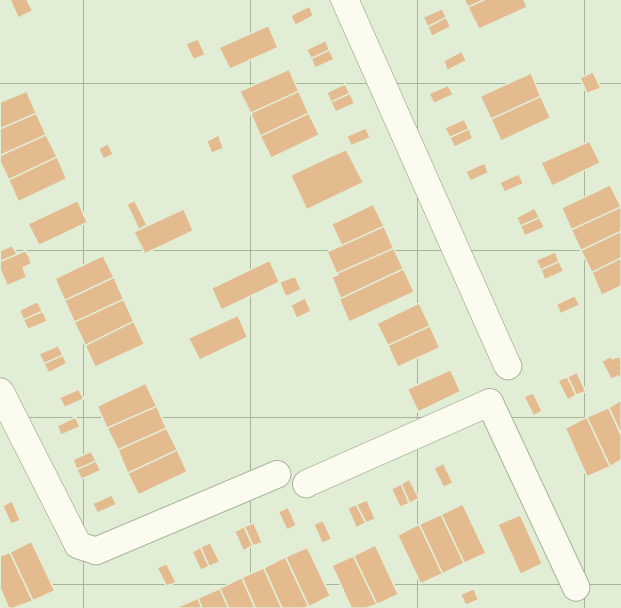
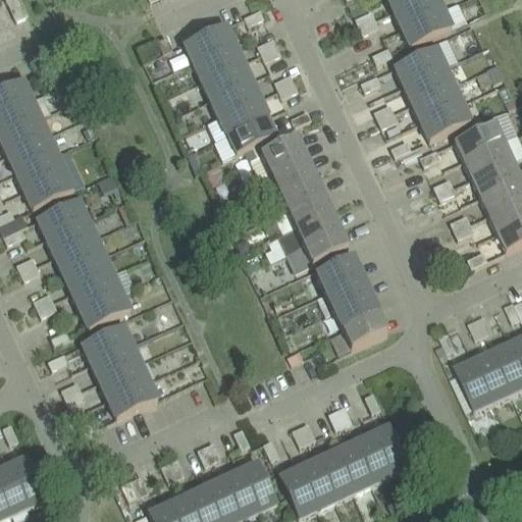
building: none -> [402,6,452,44]
building: none -> [193,40,243,76]
building: none -> [395,43,446,81]
building: none -> [420,99,471,137]
building: none -> [227,113,276,151]
building: none -> [463,137,512,174]
building: none -> [15,150,65,188]
building: [134,209,194,254] -> [37,196,87,233]
building: [211,260,280,310] -> [256,153,313,195]
building: [188,315,248,360] -> [80,289,129,326]
building: none -> [333,292,378,326]
building: [498,515,543,574] -> [455,359,492,409]
building: none -> [315,449,353,499]

